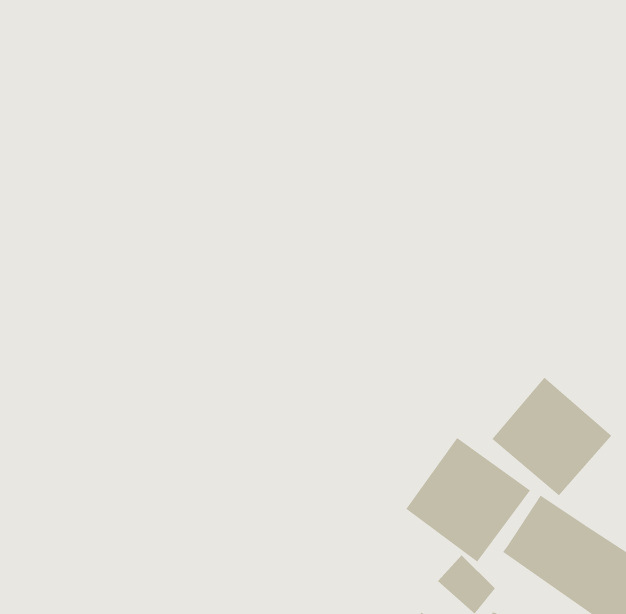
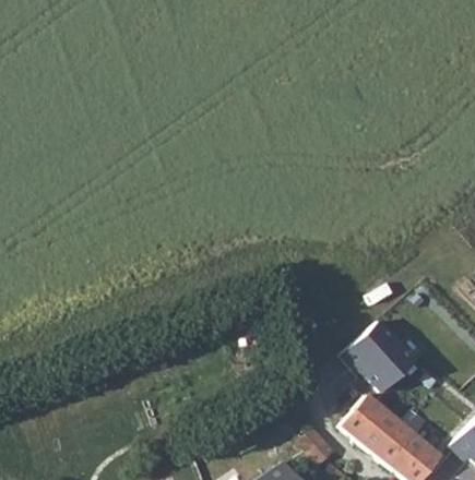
building: [406,437,531,563] -> none

